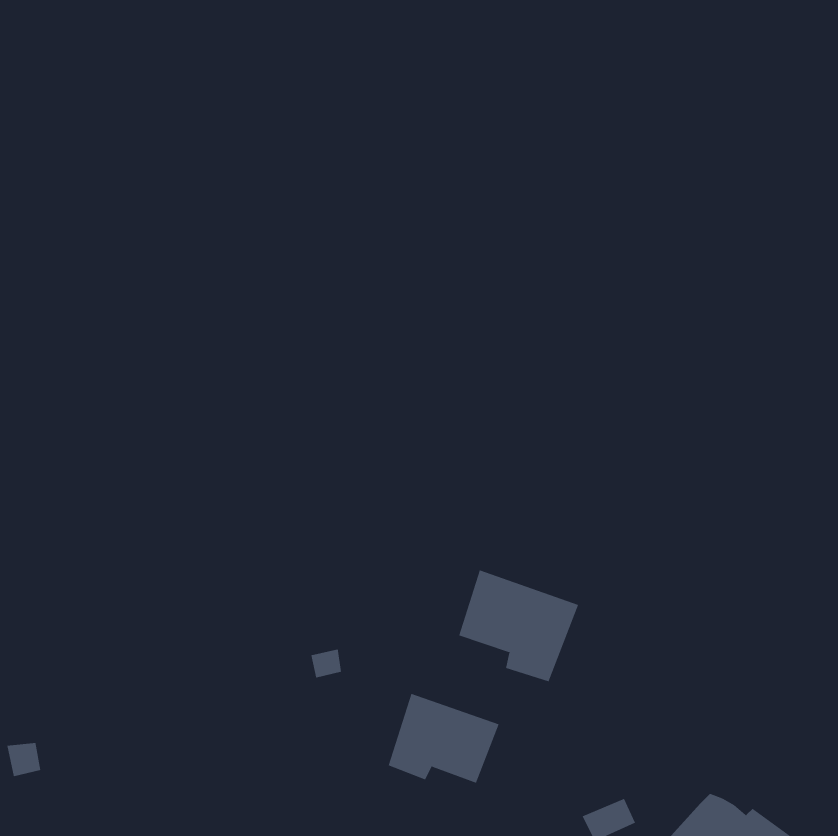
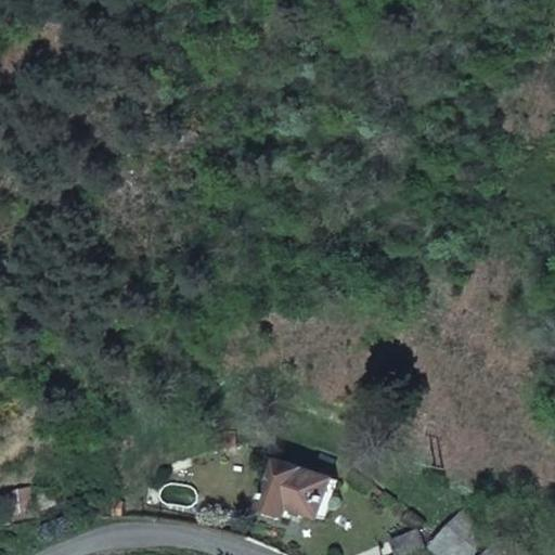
building: [459,569,579,682] -> none

